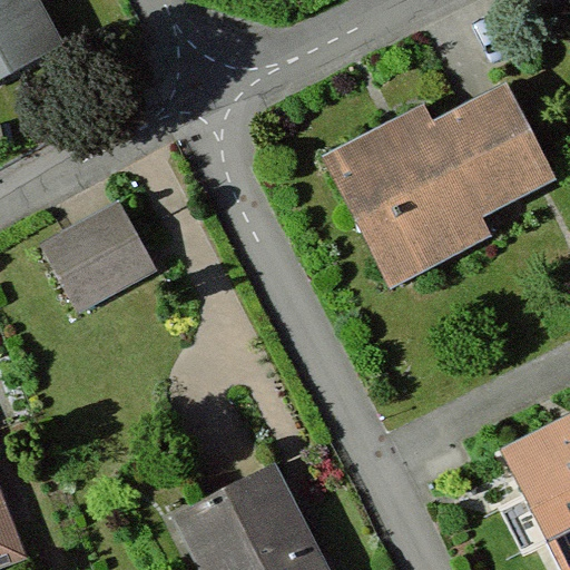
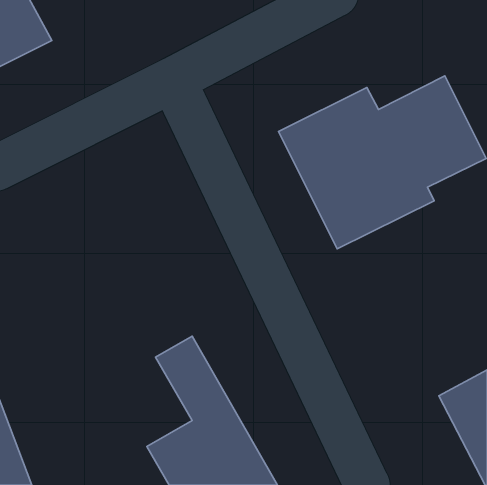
building: [31,196,158,318] -> none

